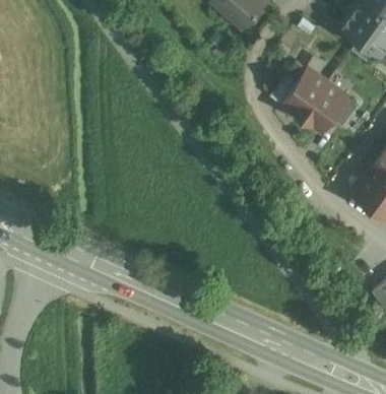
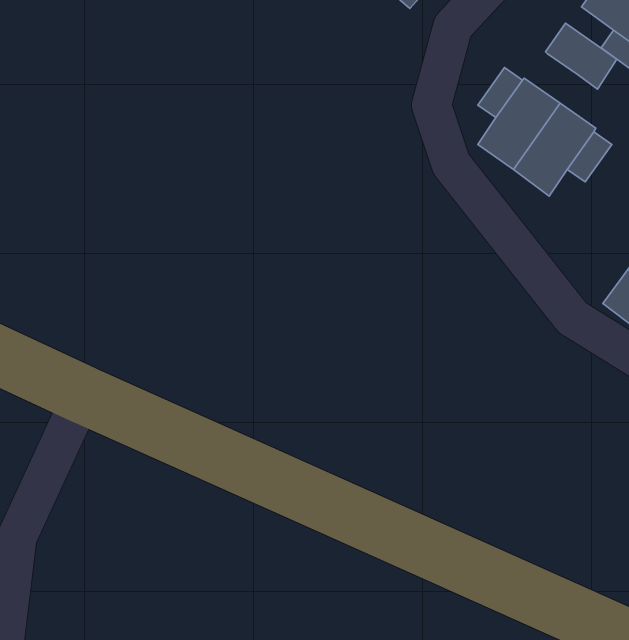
building: none -> [545,23,617,89]

